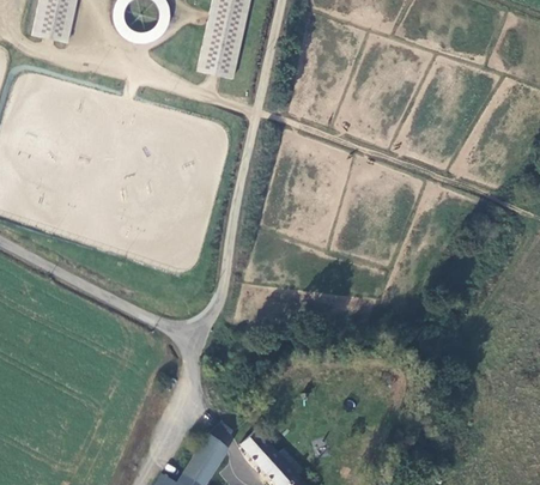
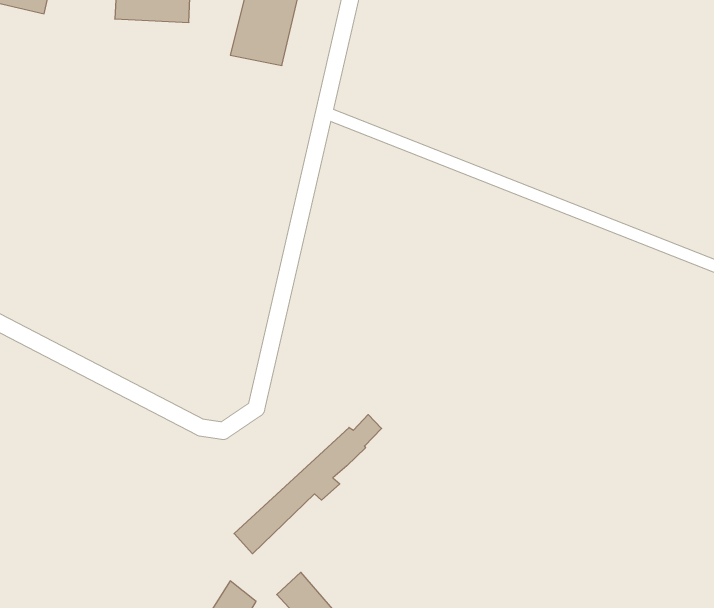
building: none -> [234,415,382,554]

